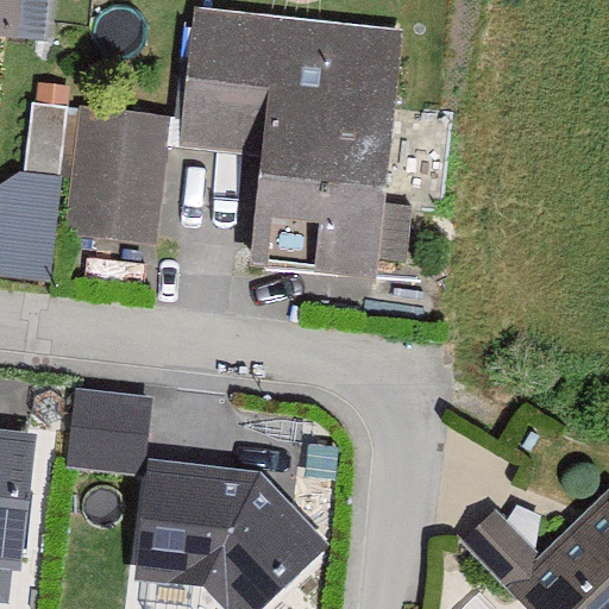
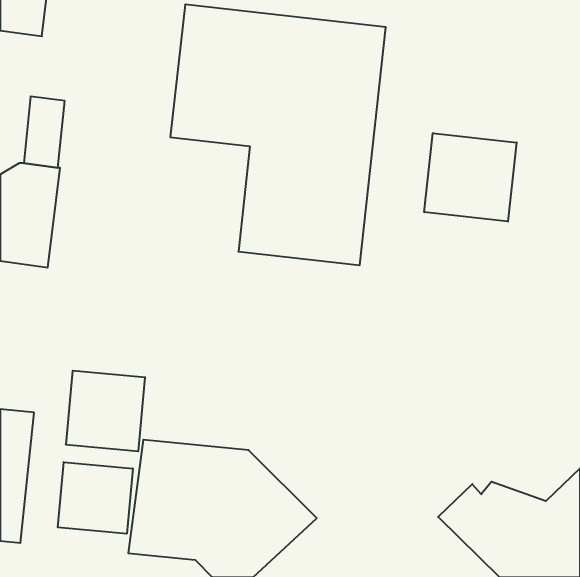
building: [65,113,167,244] -> none
building: none -> [424,133,517,222]
building: none -> [58,462,133,534]

